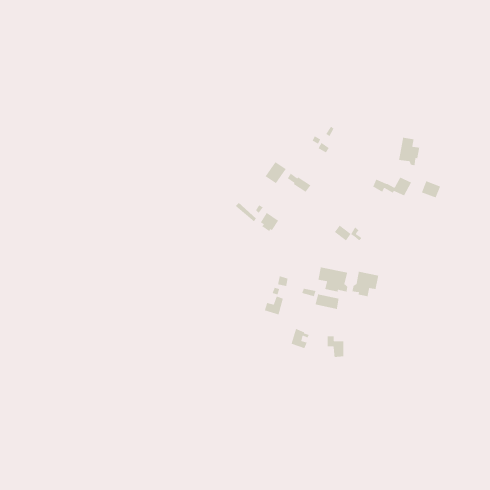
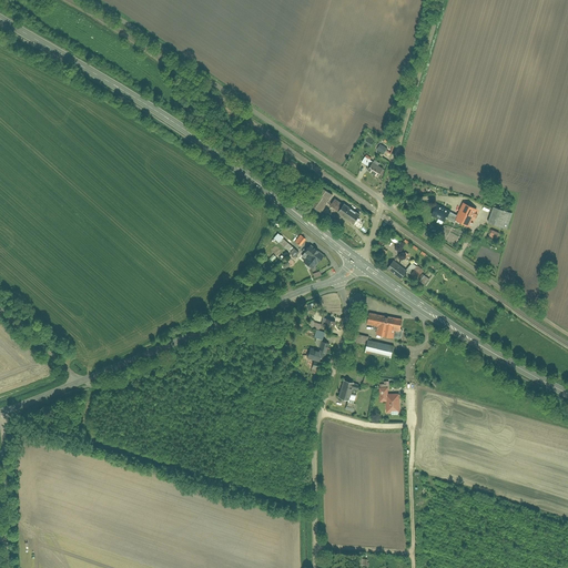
building: [398,137,420,166] -> none
building: [351,271,379,297] -> none

